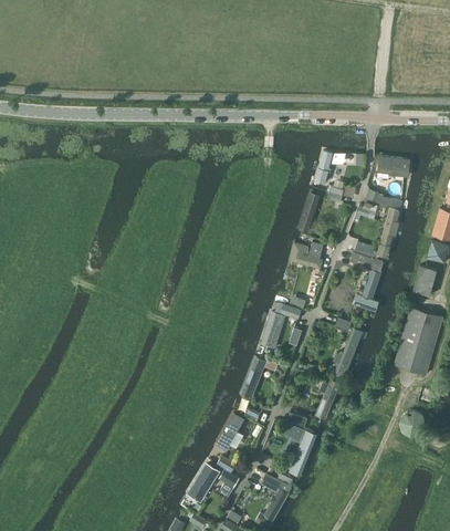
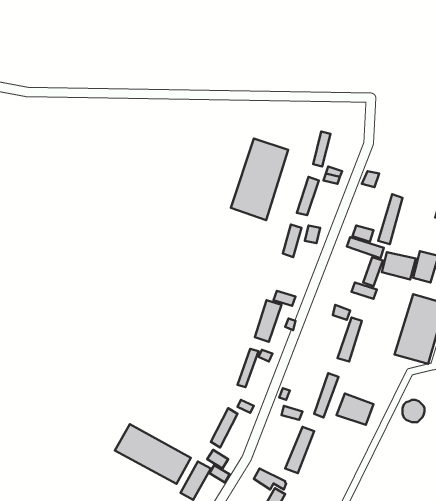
building: [378,157,406,179] -> none
building: none -> [231,138,288,220]
building: none -> [382,252,416,280]
building: none -> [336,393,374,425]
building: none -> [115,424,191,484]

